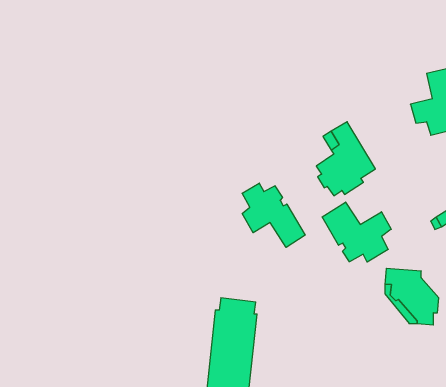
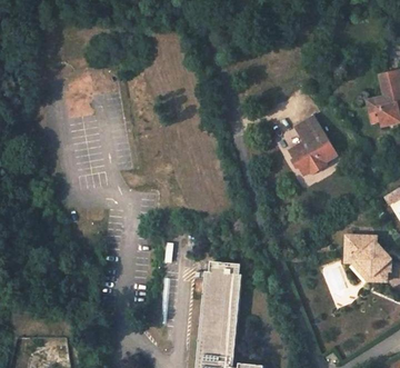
building: [242,183,305,247] -> none
building: [322,202,391,262] -> none

